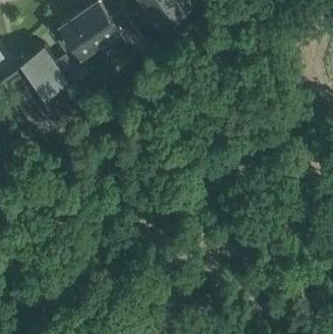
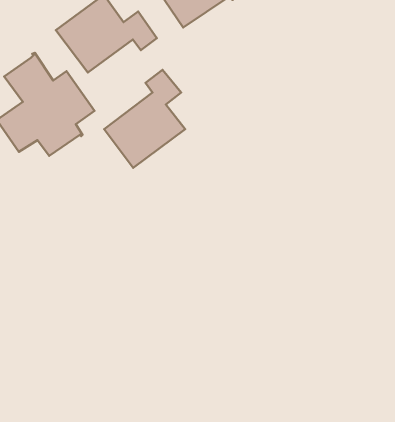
building: none -> [104,70,185,168]

